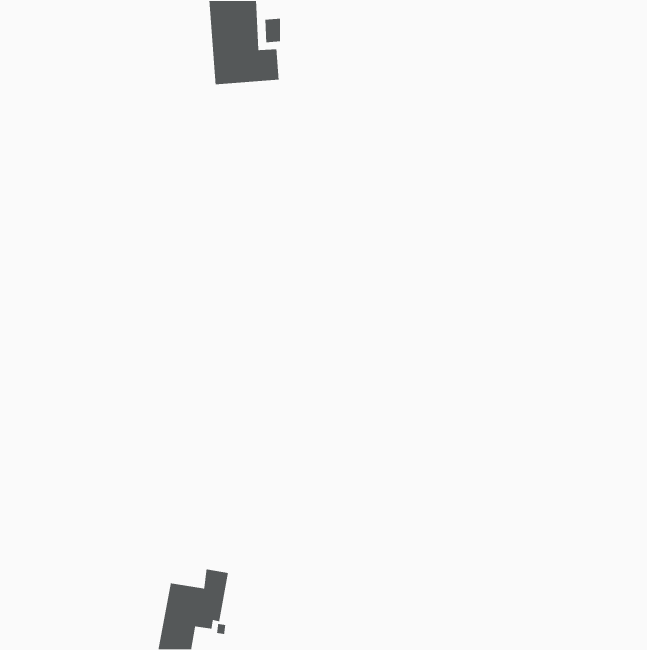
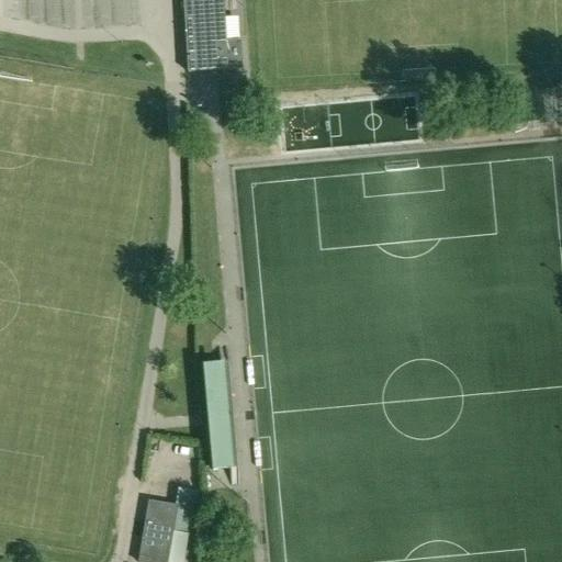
building: none -> [204,351,233,461]

